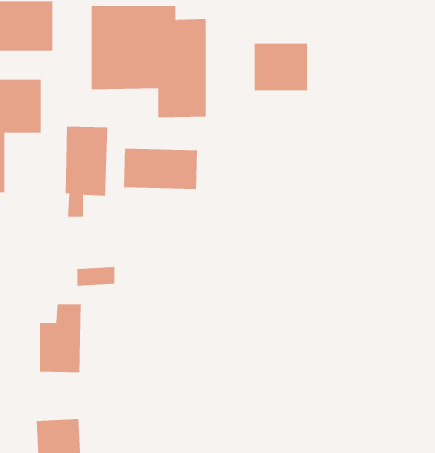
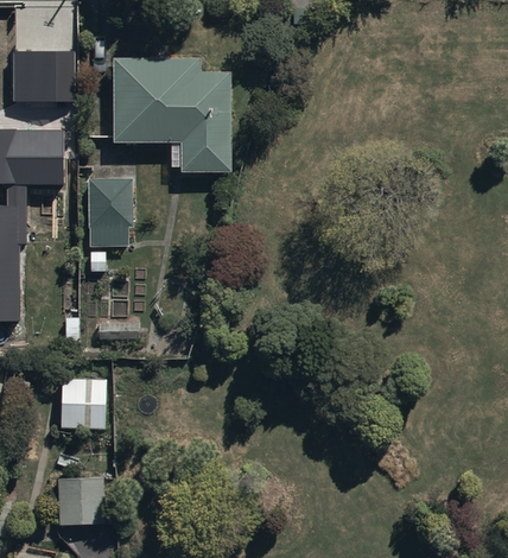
building: [254,43,308,91] -> none
building: [123,148,198,190] -> none

